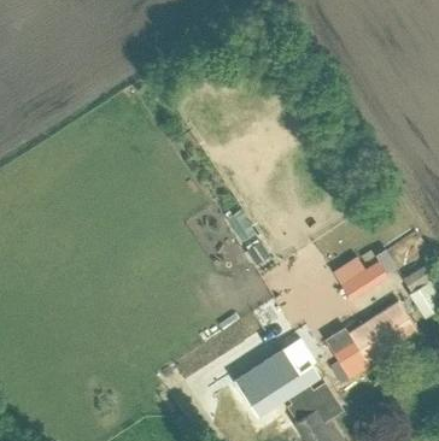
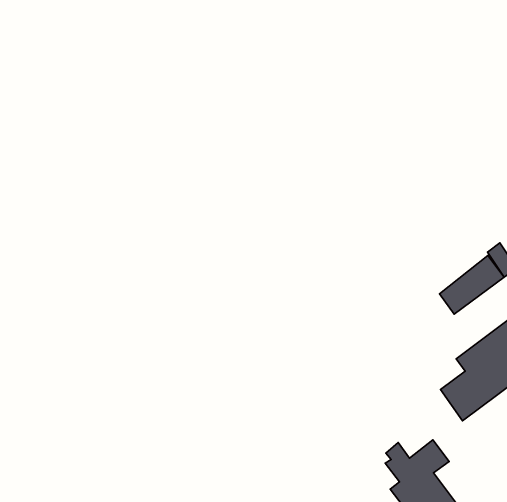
building: [233,348,318,410] -> none

